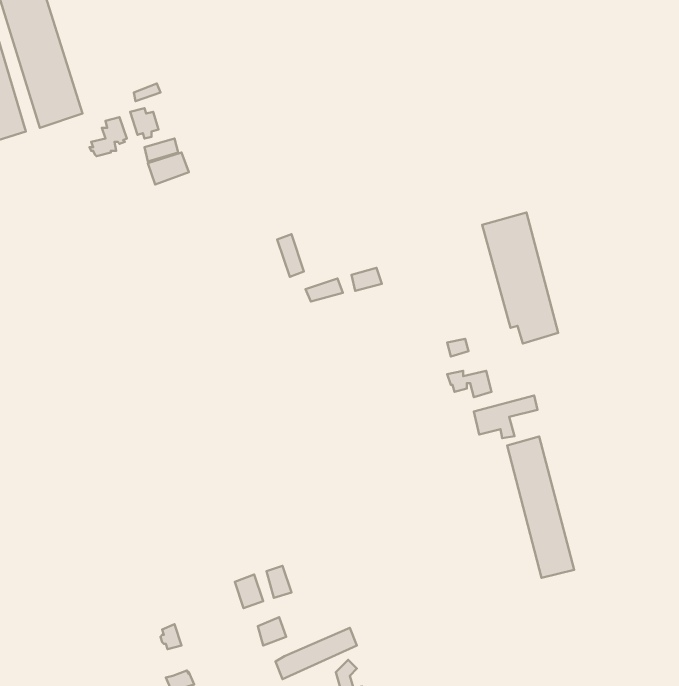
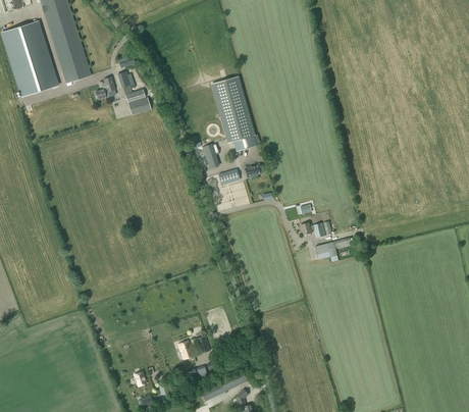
building: [482,212,558,344] -> [212,75,256,151]
building: [507,436,574,578] -> none

